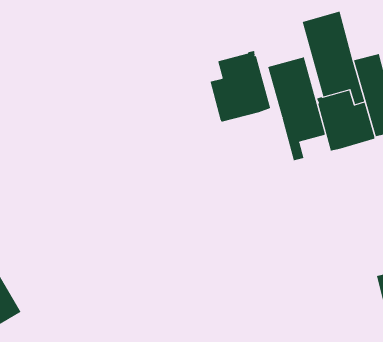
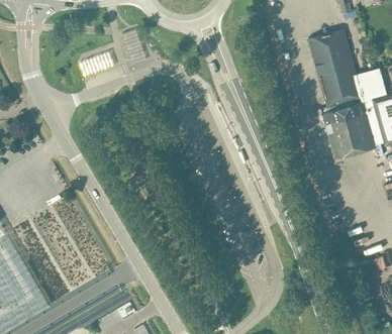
building: [210,50,271,122] -> none
building: [267,57,326,161] -> none

